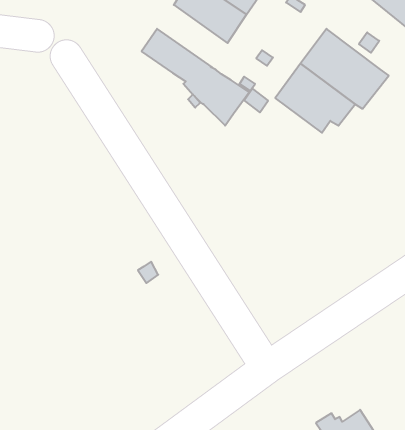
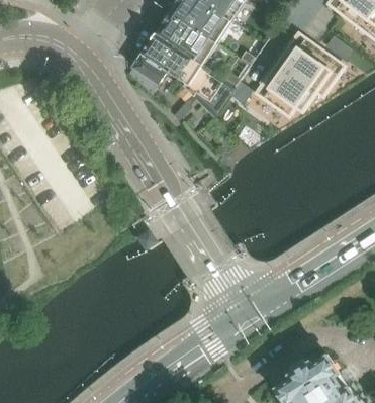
building: none -> [159,12,218,65]
building: none -> [132,52,172,93]

